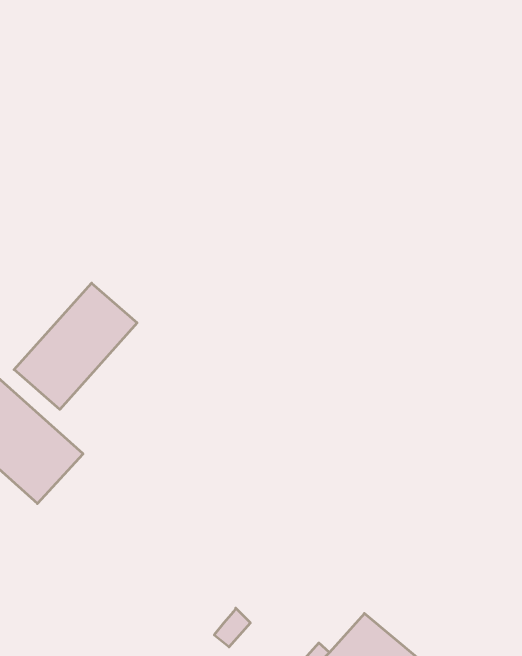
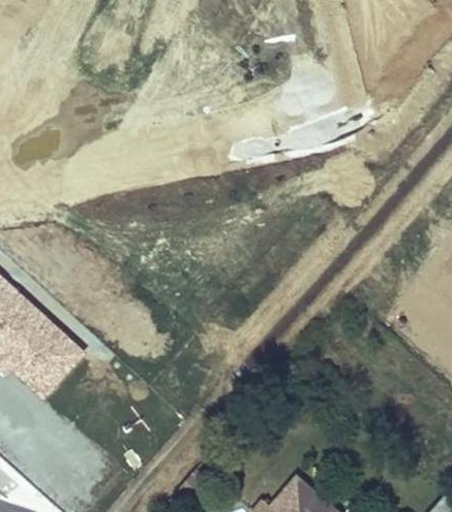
building: [14,283,137,409] -> none

